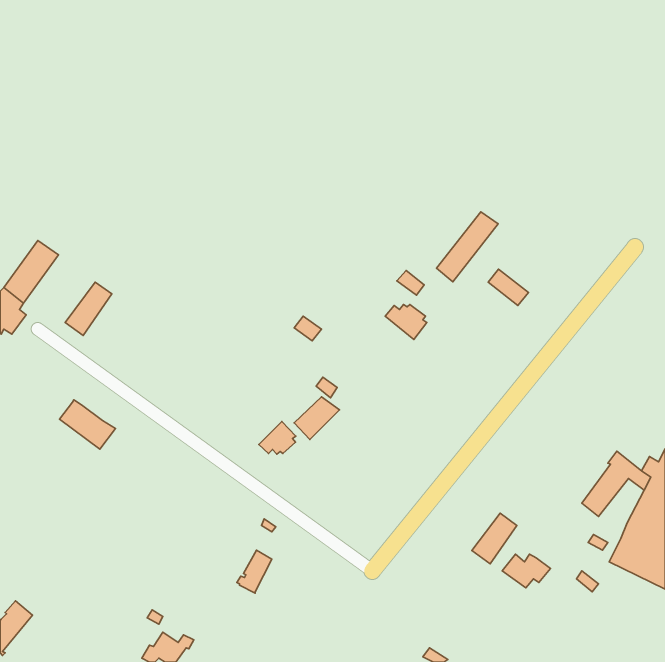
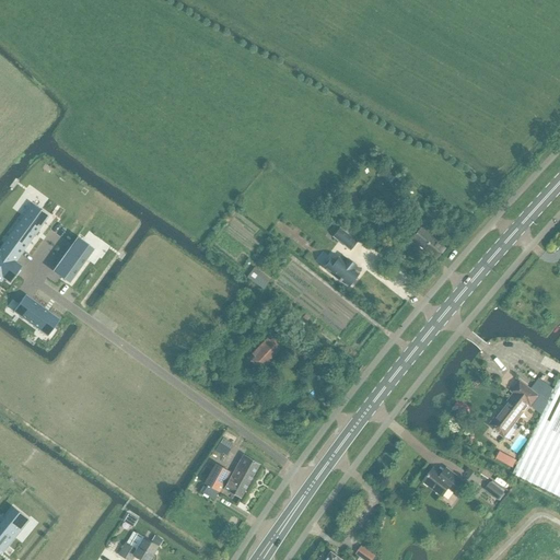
building: [436,212,498,282] -> none
building: [59,400,115,449] -> [13,293,60,335]
building: [259,421,296,454] -> none
building: [472,513,517,564] -> none
building: none -> [224,453,258,497]

